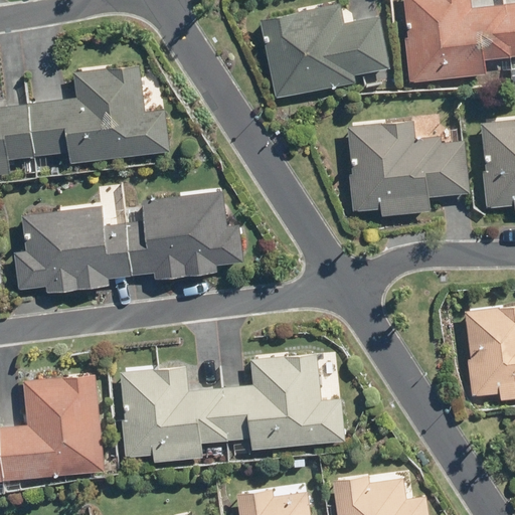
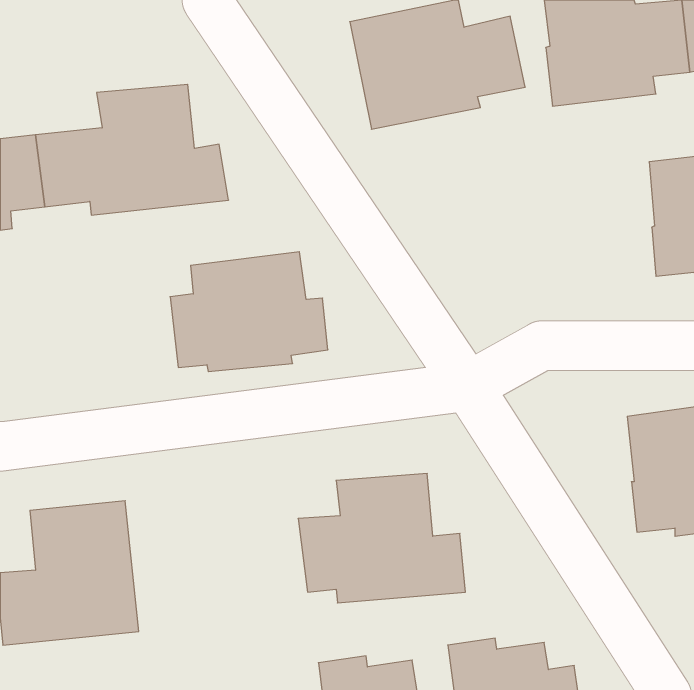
building: [347,121,469,216] -> none
building: [14,205,131,293] -> none
building: [120,367,228,463] -> none

